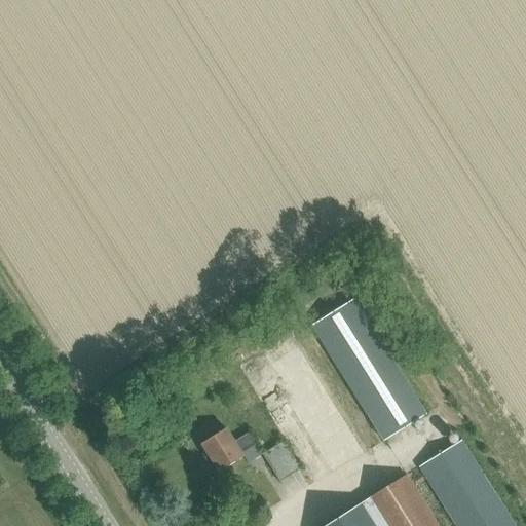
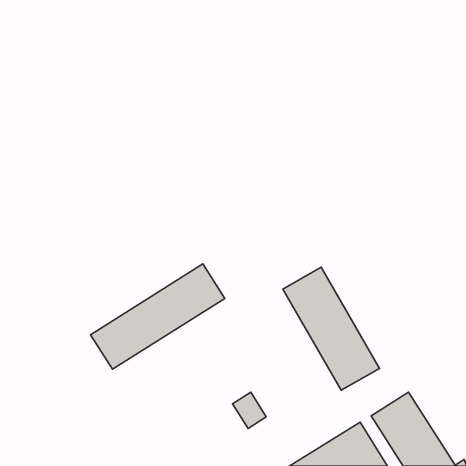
building: none -> [90,264,225,369]
building: [200,428,255,473] -> none

